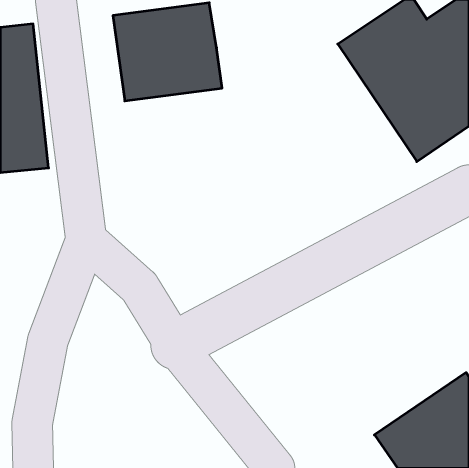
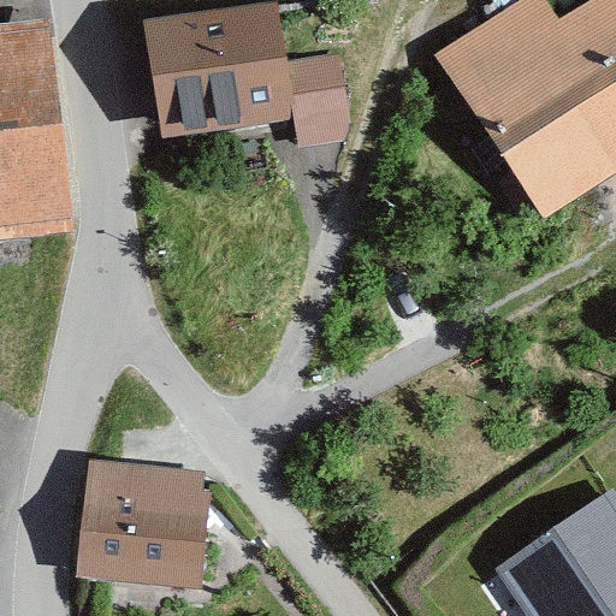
building: none -> [284,54,349,144]
building: none -> [82,464,205,584]

